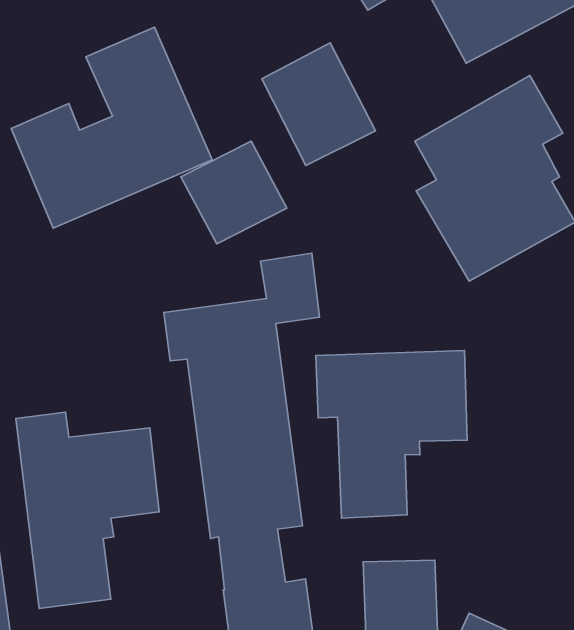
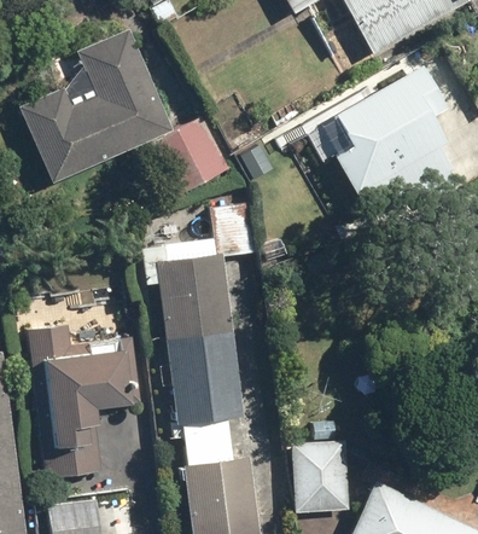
building: [262,43,375,166] -> none
building: [316,350,467,518] -> none

